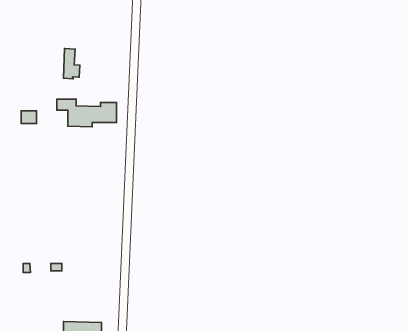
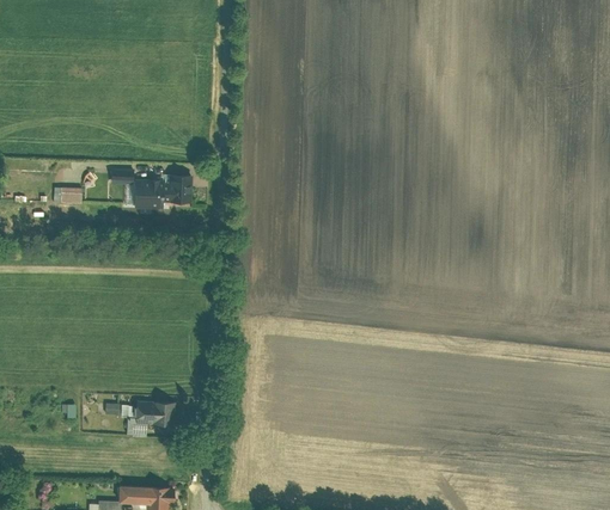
building: [64,48,80,79] -> none
building: none -> [134,401,175,426]

